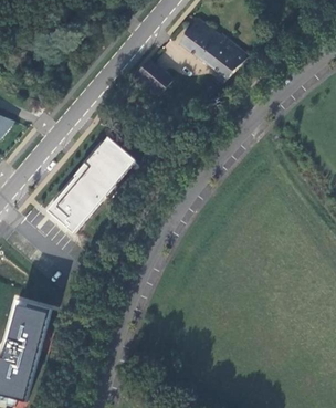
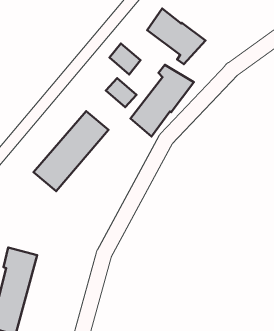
building: none -> [130,65,194,137]
building: none -> [106,78,137,107]

